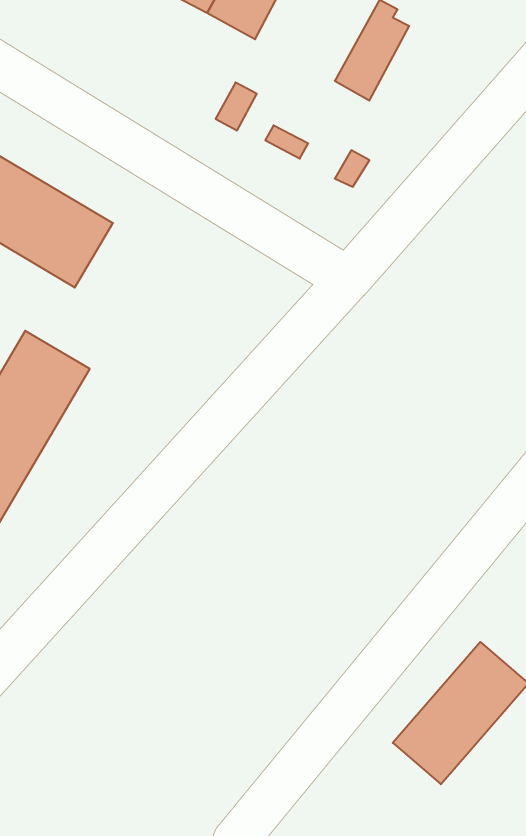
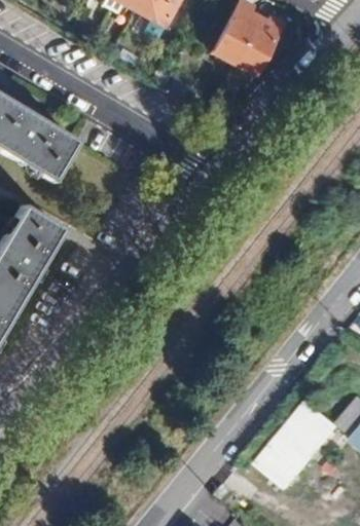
building: none -> [239,16,287,73]

